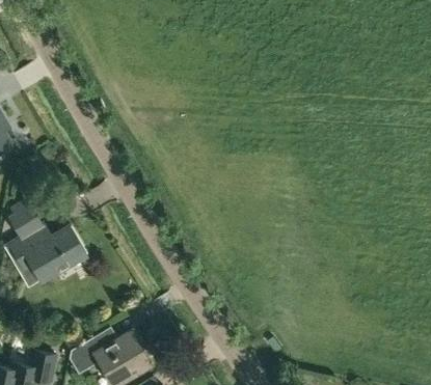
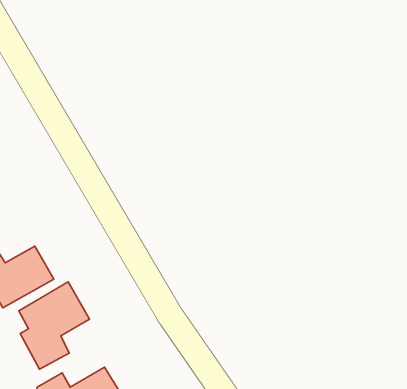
building: none -> [19,282,89,369]

